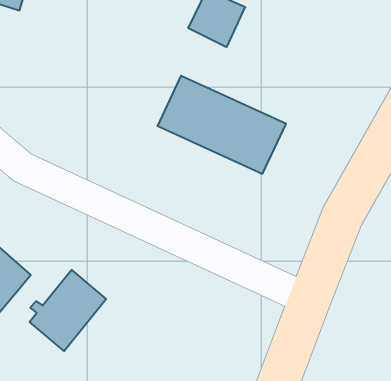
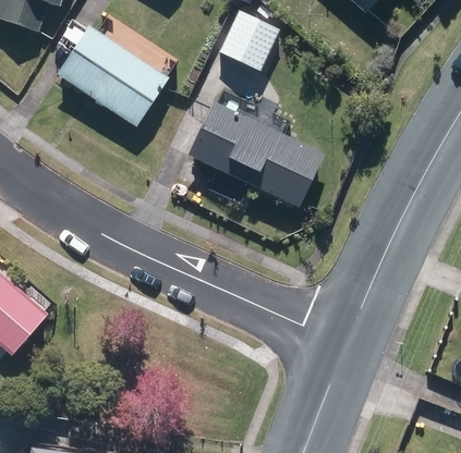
building: none -> [56,25,168,126]
building: [30,270,106,351] -> none

